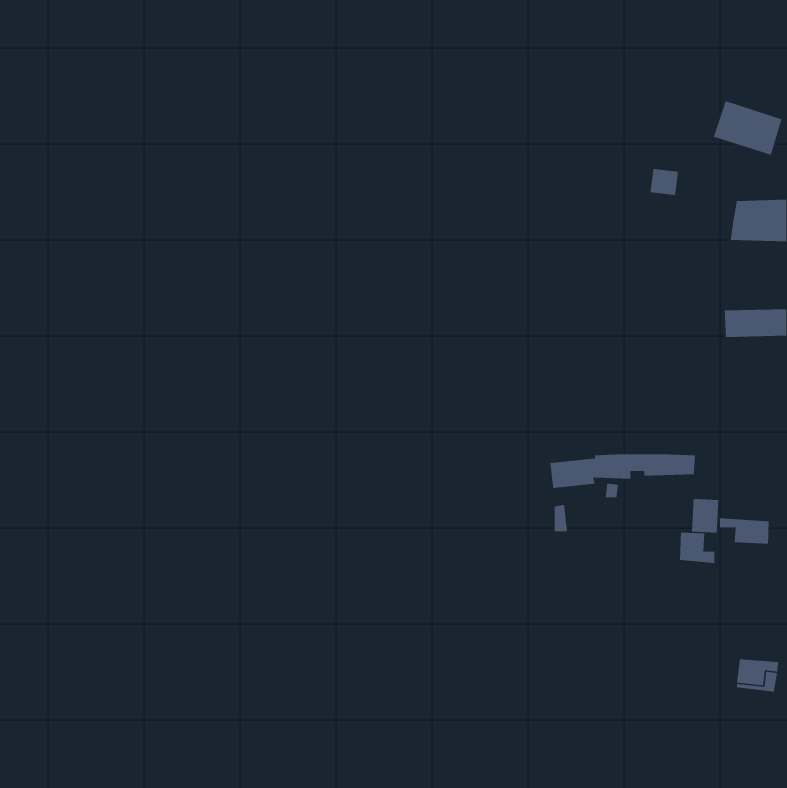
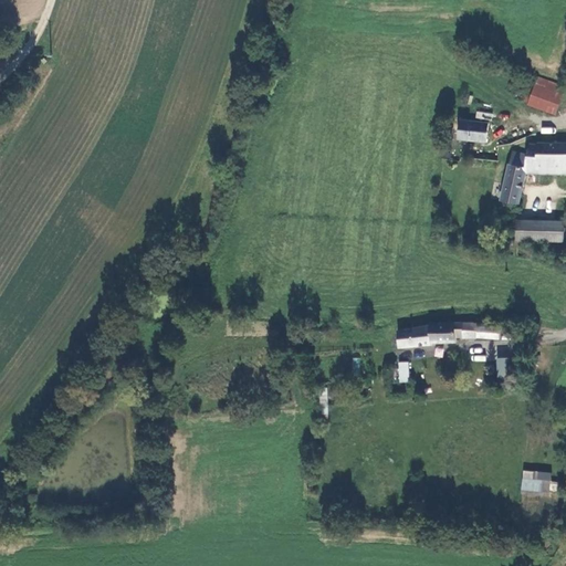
building: none -> [499,155,525,206]
building: [719,517,769,544] -> none
building: [679,532,715,564] -> none

